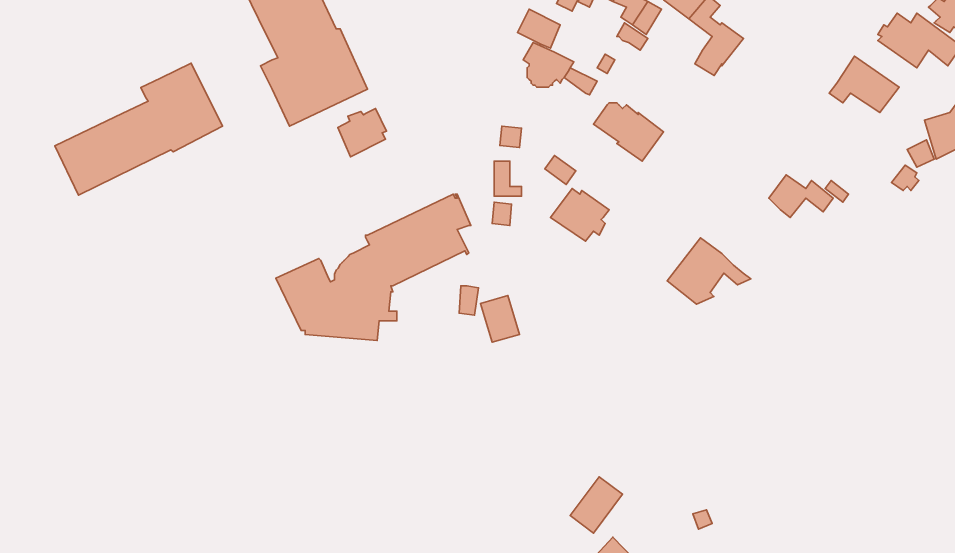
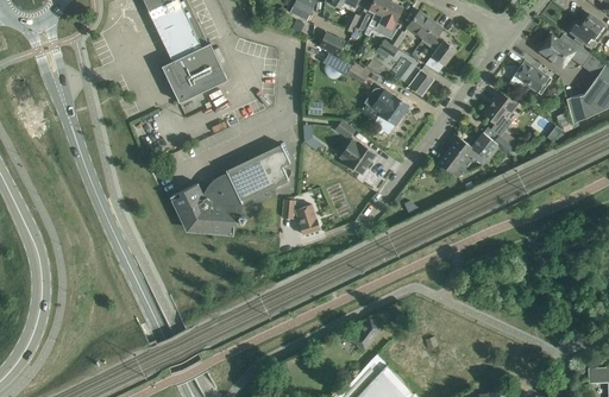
building: none -> [401,64,433,96]
building: [55,63,223,195] -> none
building: [338,108,387,157] -> none
building: none -> [483,93,517,137]
building: [667,238,751,304] -> [439,138,490,178]

